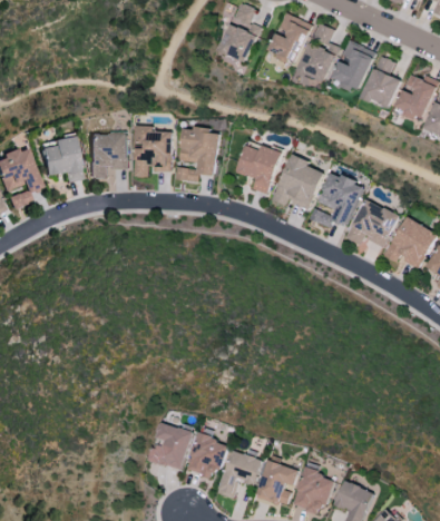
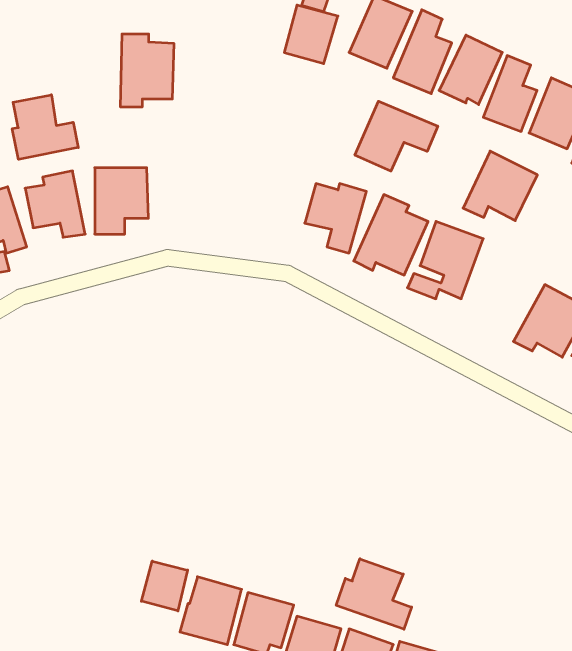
building: none -> [12,95,78,159]
building: none -> [355,101,438,171]
building: [134,125,172,176] -> [120,34,174,107]
building: [176,127,218,181] -> none
building: [346,198,399,247] -> [463,151,537,221]
building: none -> [336,559,412,629]
building: none -> [141,561,188,611]

